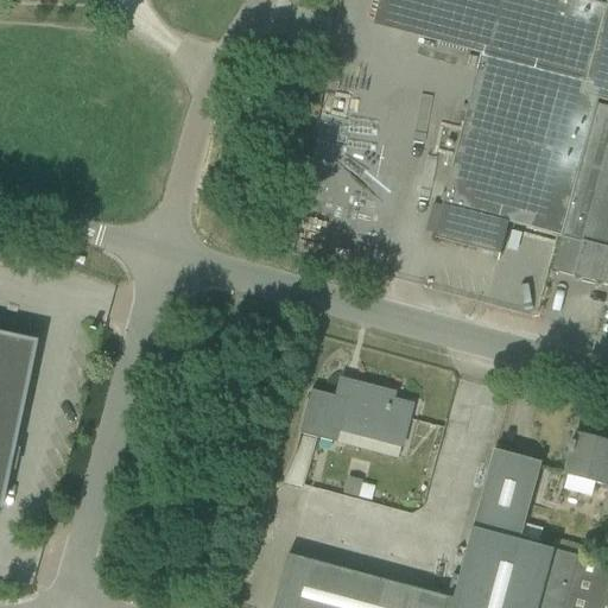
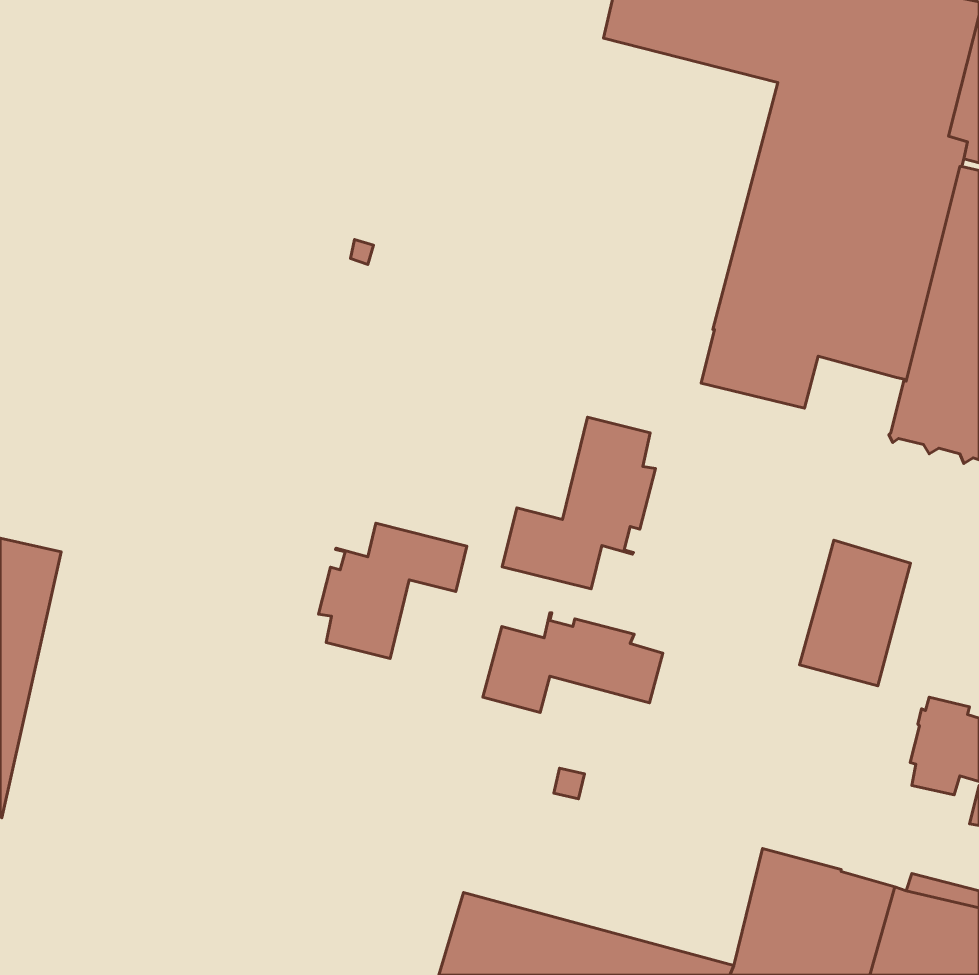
building: none -> [502,417,655,589]
building: none -> [318,523,467,659]
building: [473,449,542,539] -> [799,540,911,686]

